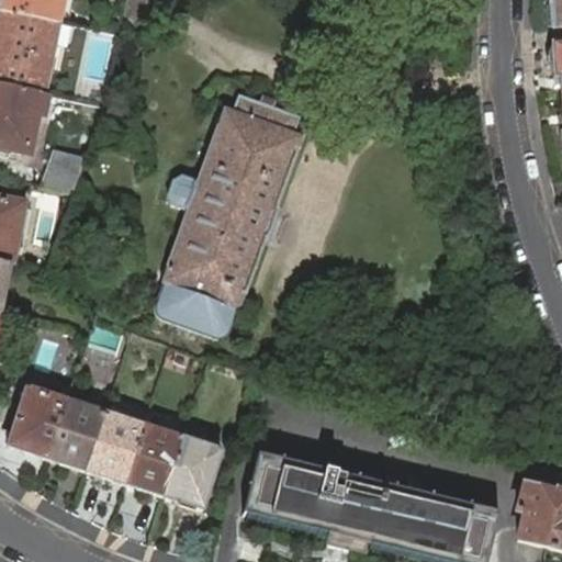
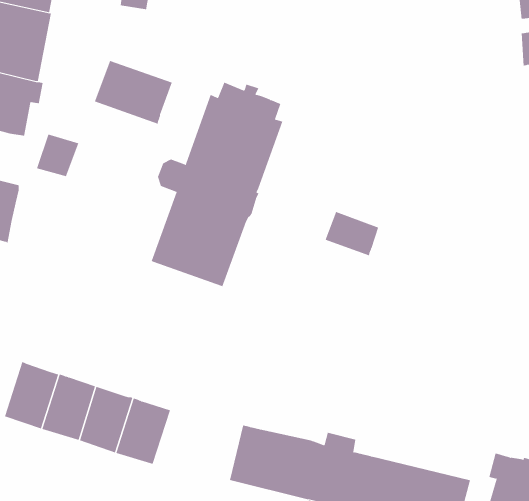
building: none -> [94,60,172,125]
building: none -> [325,211,379,256]
building: [157,280,236,333] -> none
building: [165,436,223,506] -> none

